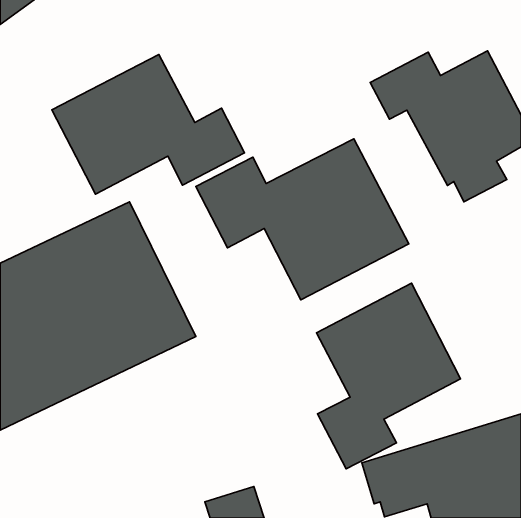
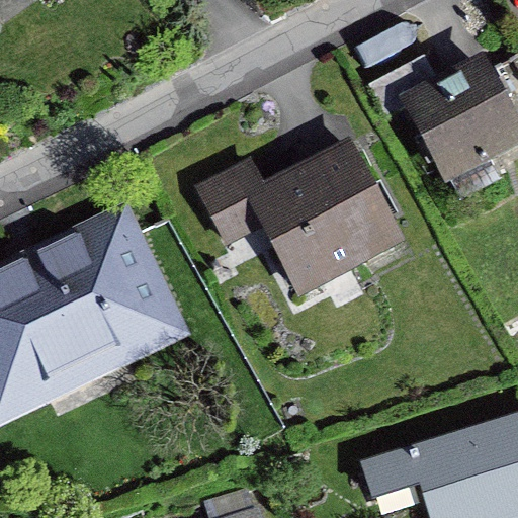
building: [52,54,245,194] -> none
building: [316,283,461,469] -> none

